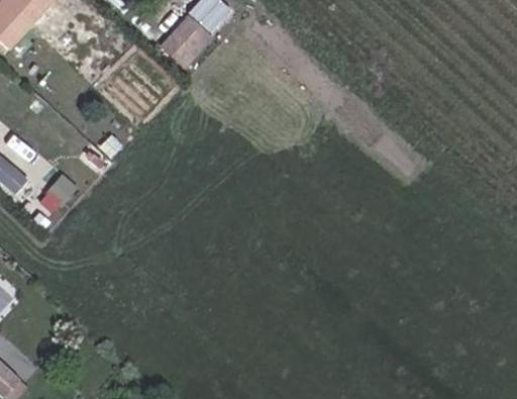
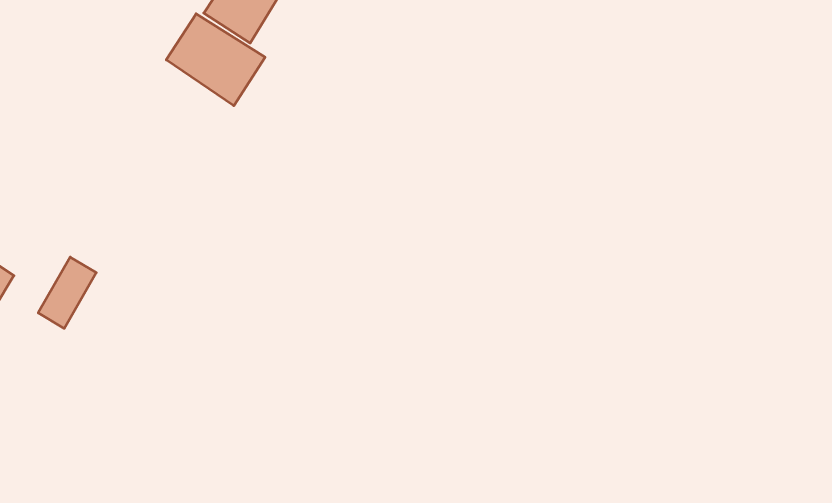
building: none -> [166,14,265,106]

